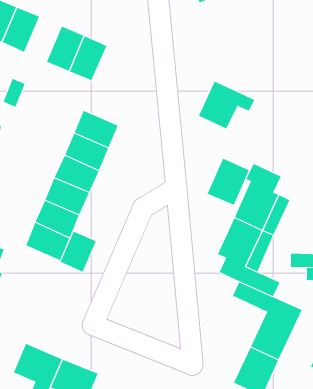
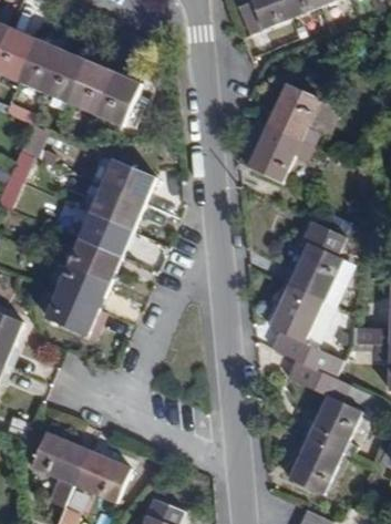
building: none -> [44,50,88,103]
building: none -> [266,82,332,147]
building: [207,158,250,205] -> none
building: [60,231,97,273] -> none

